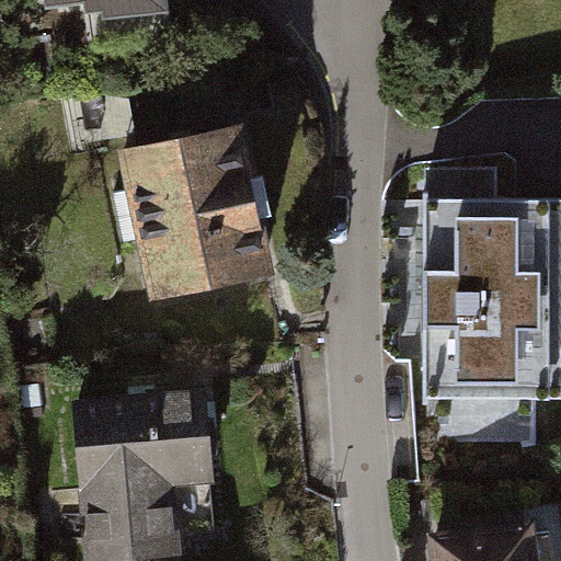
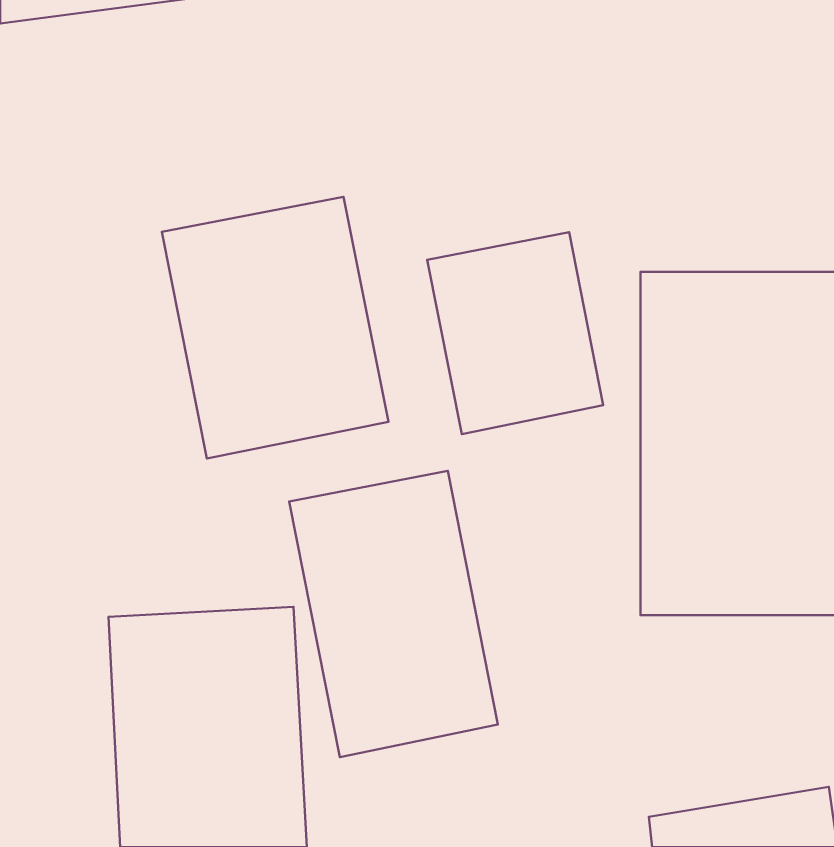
building: none -> [427,232,603,434]
building: none -> [289,471,498,757]

